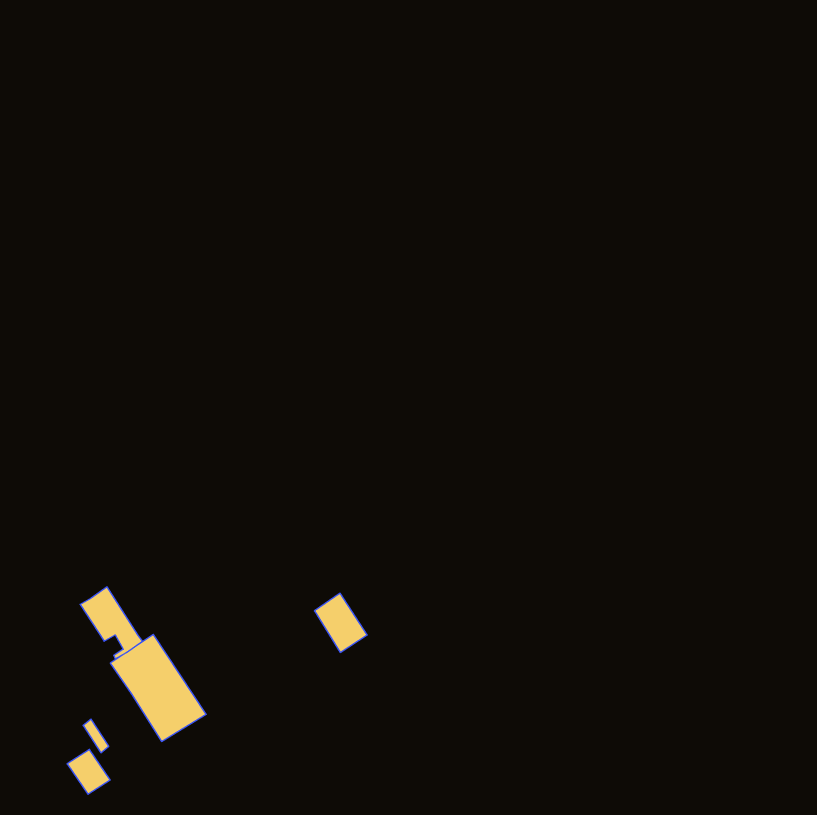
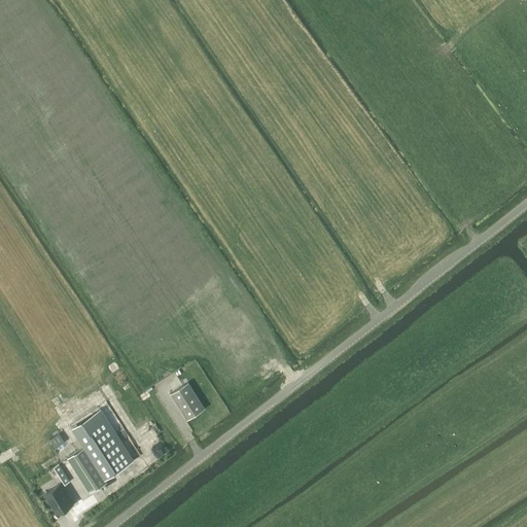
building: [80,587,142,659] -> [67,448,107,494]
building: [314,593,367,652] -> [171,384,205,422]

